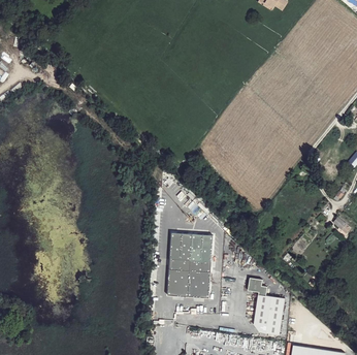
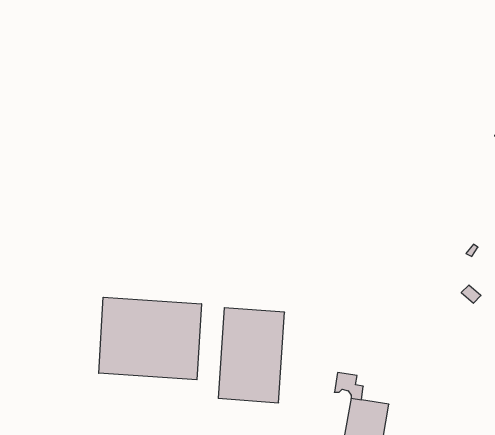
building: none -> [99,297,201,380]

